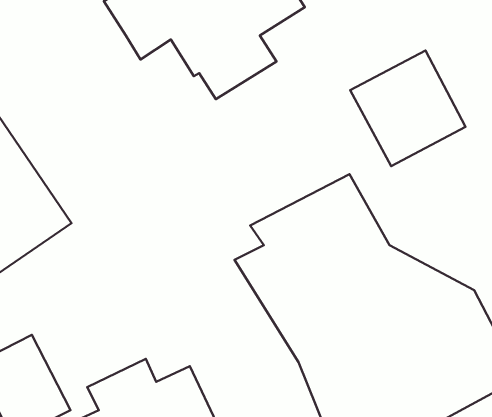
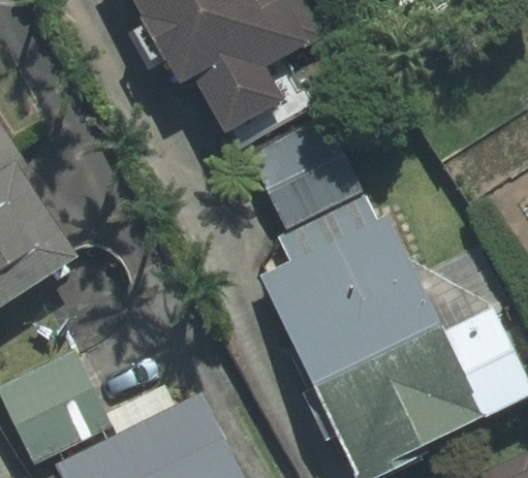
building: [350,50,465,166] -> [249,114,363,228]

